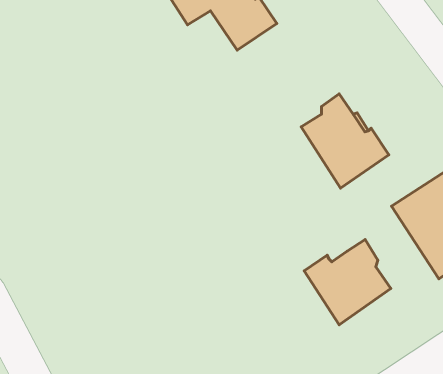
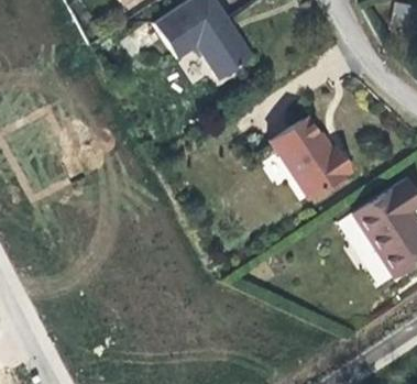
building: [304,240,391,325] -> none

